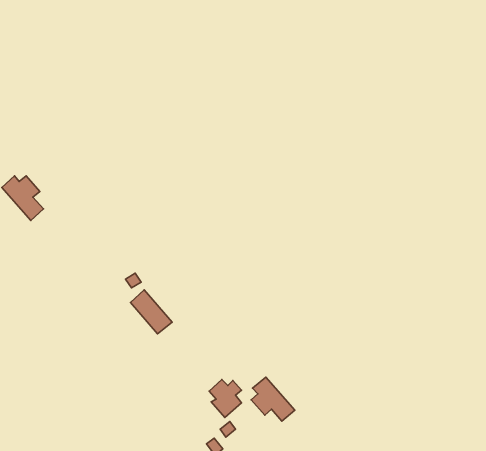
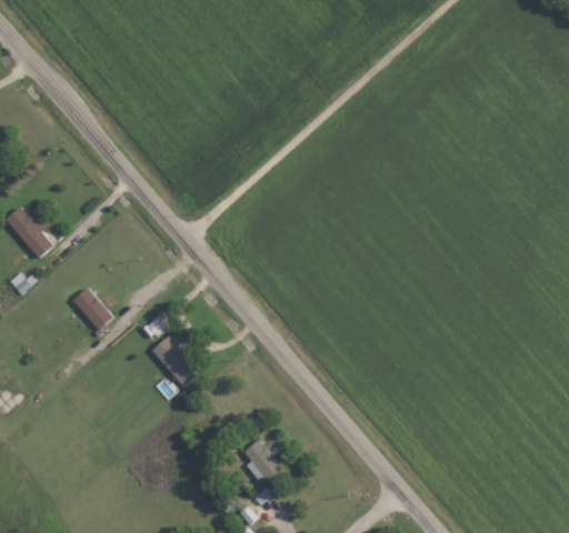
building: none -> [73,286,112,331]
building: [251,377,295,421] -> none

